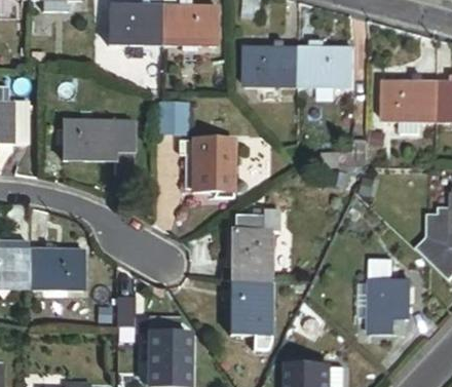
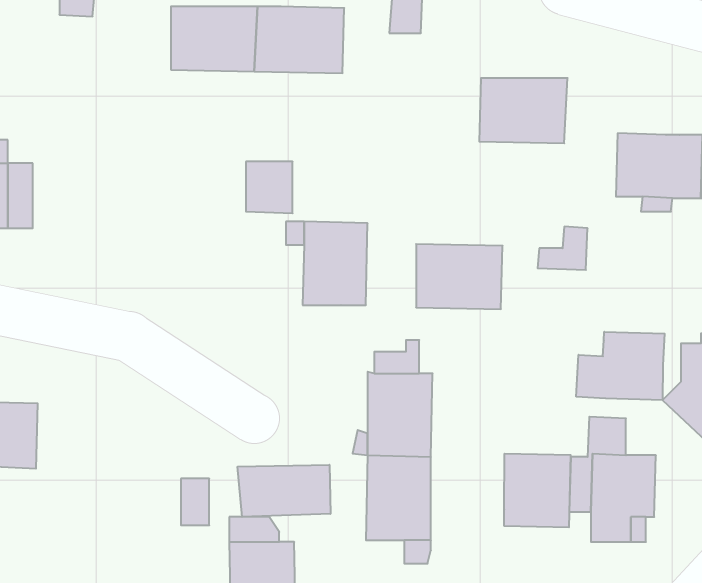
building: [249,47,302,87] -> [416,244,503,309]
building: [61,117,131,171] -> none
building: none -> [576,332,665,400]
building: [28,248,80,288] -> none
building: none -> [504,454,571,527]
building: none -> [238,465,330,517]

